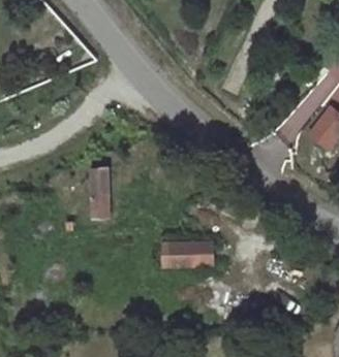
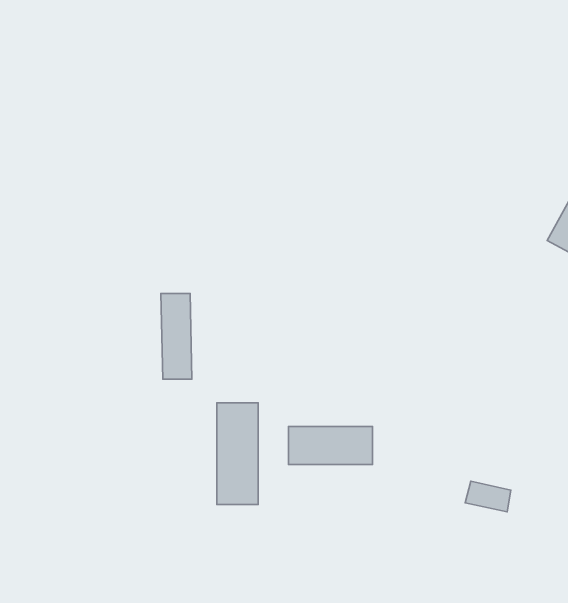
building: none -> [217,403,258,504]

